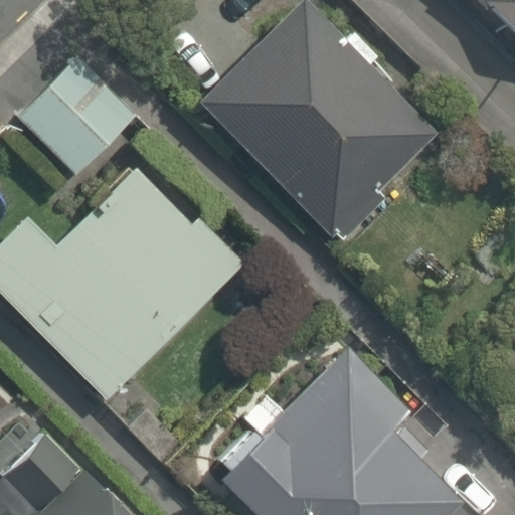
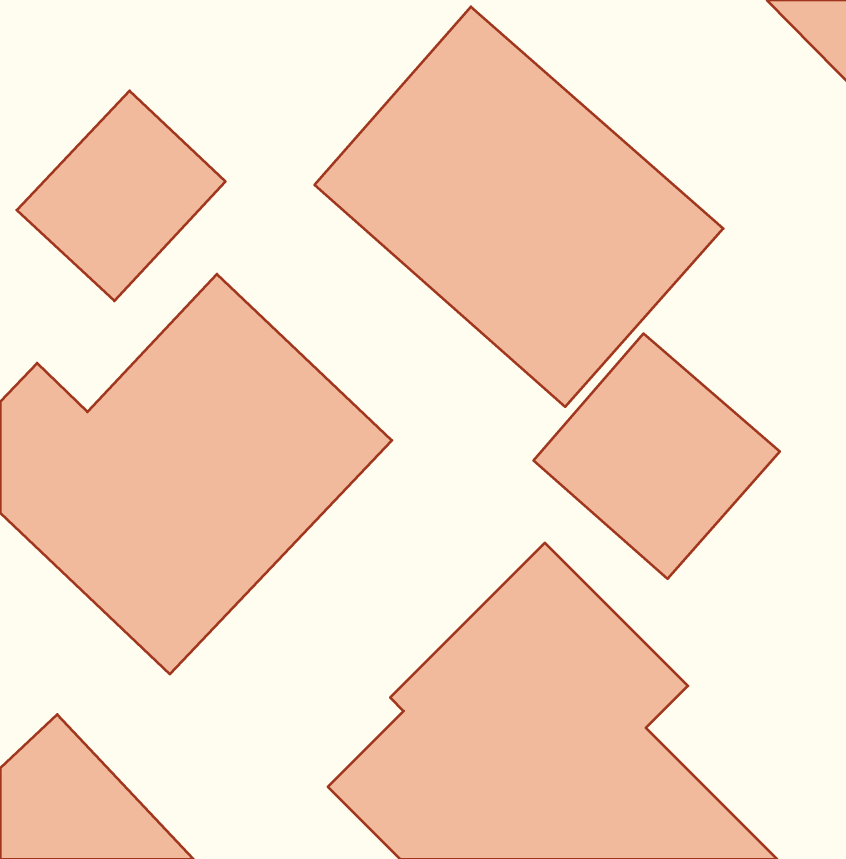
building: none -> [534,334,780,579]

